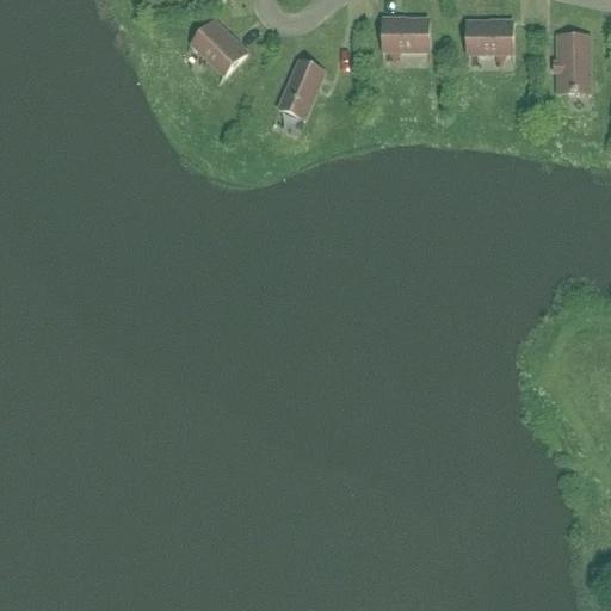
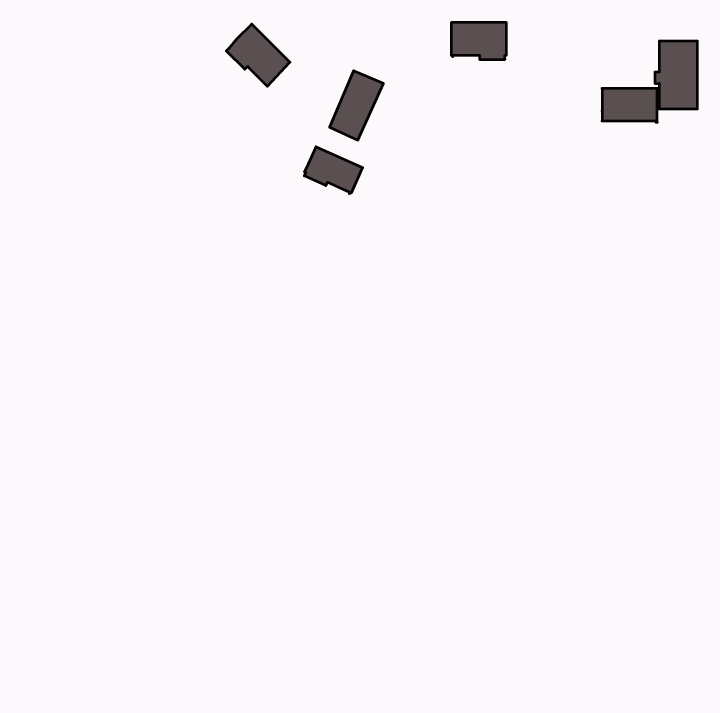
building: [465,21,512,50] -> [602,88,657,122]
building: none -> [304,147,363,194]

